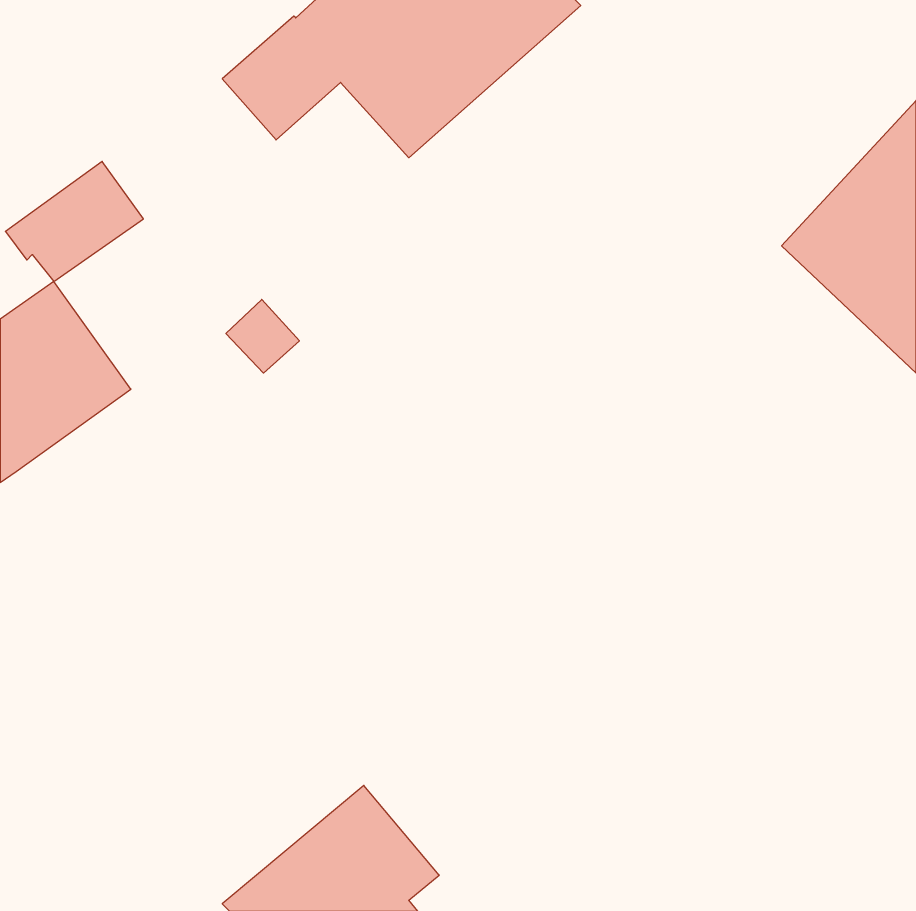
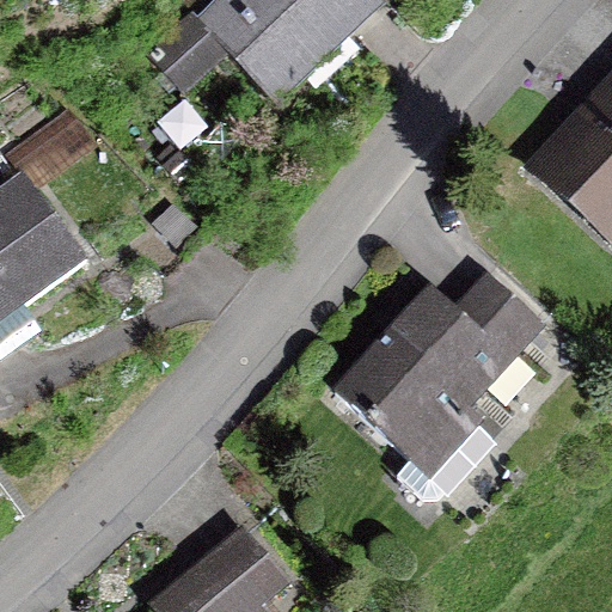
building: none -> [331,270,547,497]

